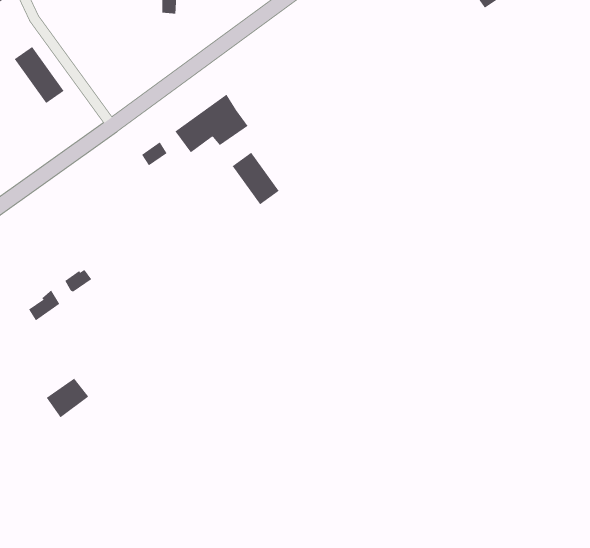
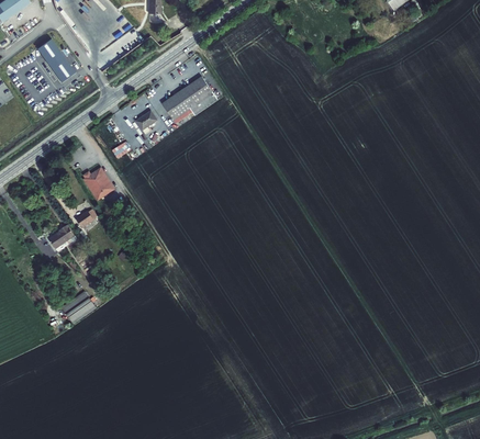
building: [232,152,279,205] -> none
building: none -> [82,166,112,196]

